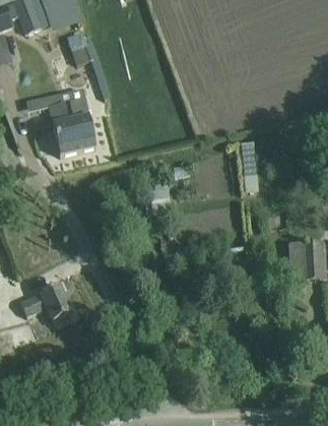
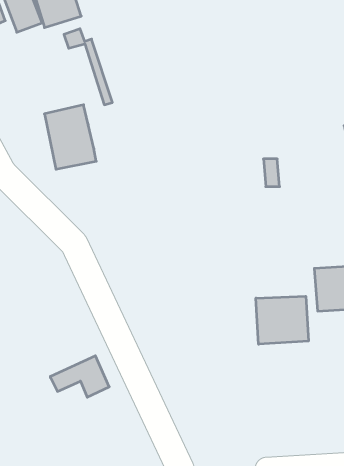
building: none -> [256,296,308,344]
building: [20,284,72,320] -> [50,356,109,397]

